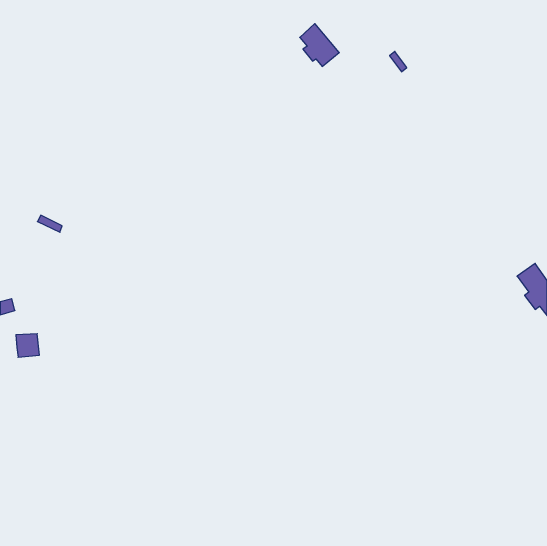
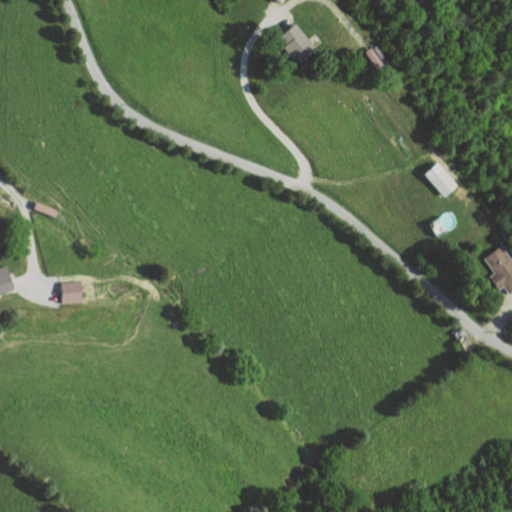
building: none -> [425,164,457,197]
building: [16,334,39,357] -> [61,282,83,304]

